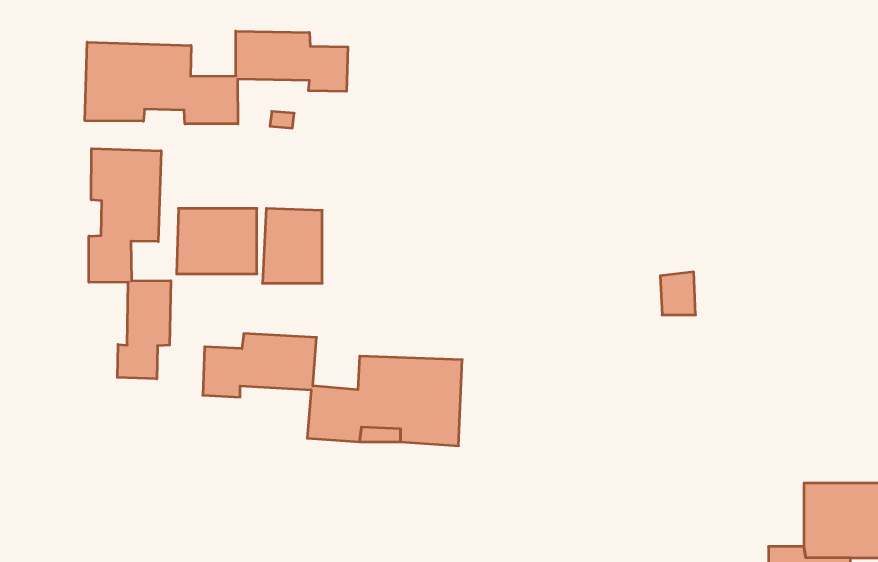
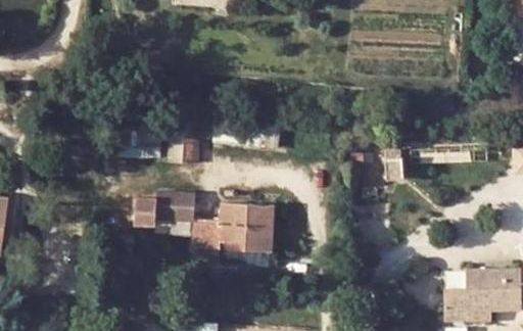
building: [85,31,348,124] -> none
building: [89,149,171,379] -> none

